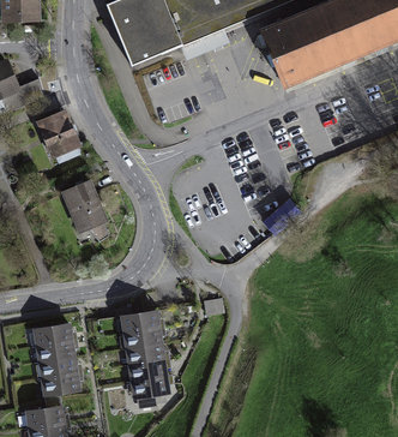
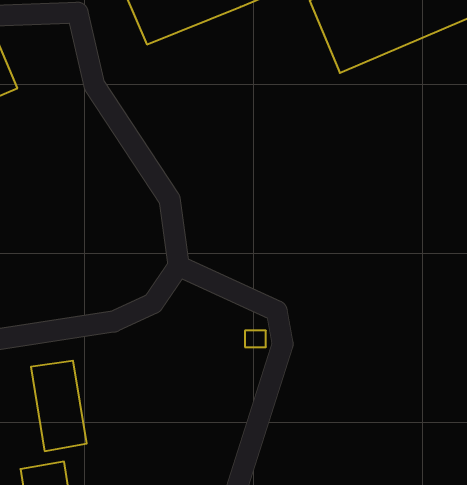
building: [40,110,80,162] -> none
building: [64,184,103,234] -> none
building: [117,305,167,396] -> none

